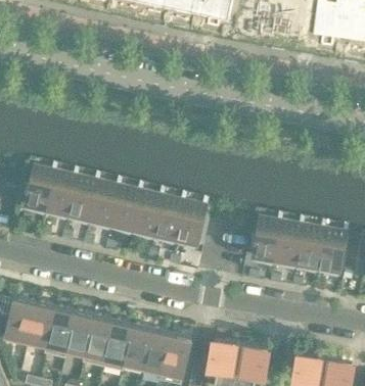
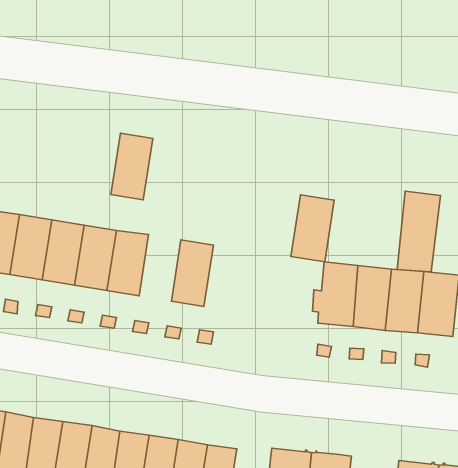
building: none -> [397,191,440,272]
building: [132,189,163,235] -> [111,133,153,200]
building: [175,199,207,245] -> [291,195,334,262]

